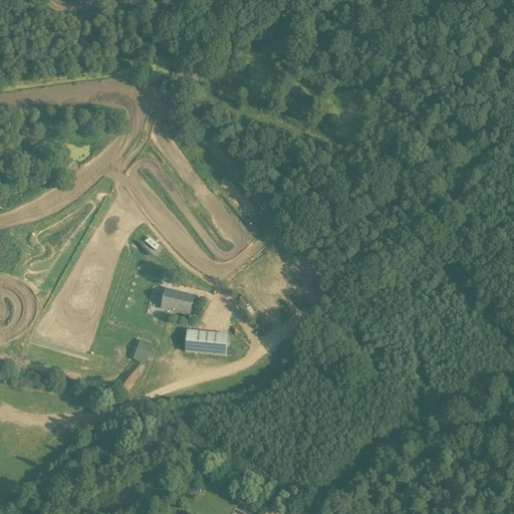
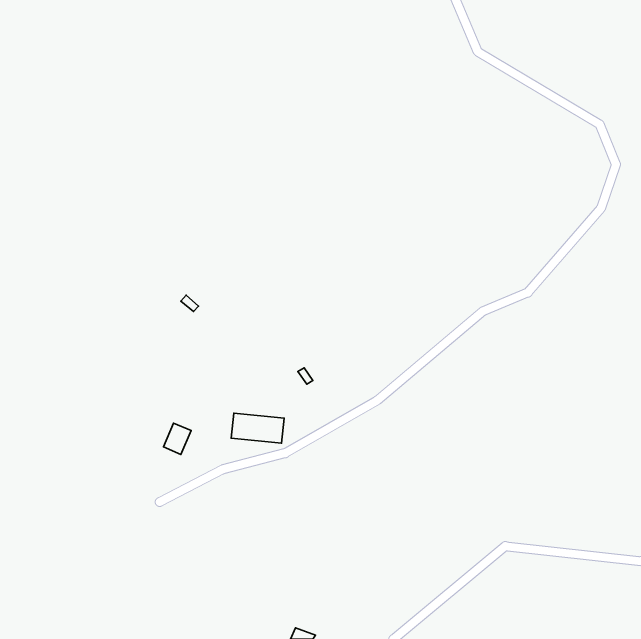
building: [161,288,194,314] -> none

